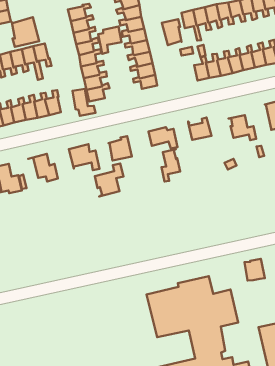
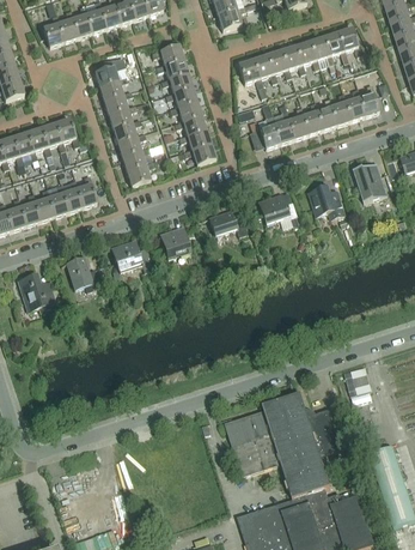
building: [12,17,39,47] -> none
building: [162,19,182,45] -> none
building: [98,27,122,54] -> none
building: [72,89,95,116] -> none
building: [161,149,180,182] -> none
building: [95,164,123,197] -> none

